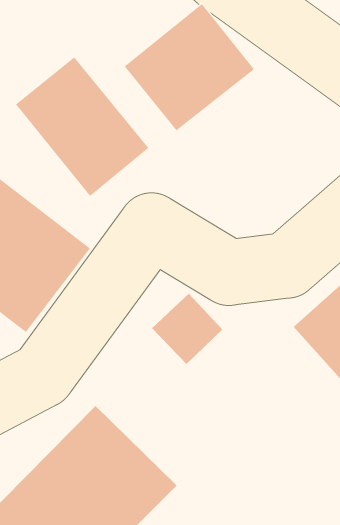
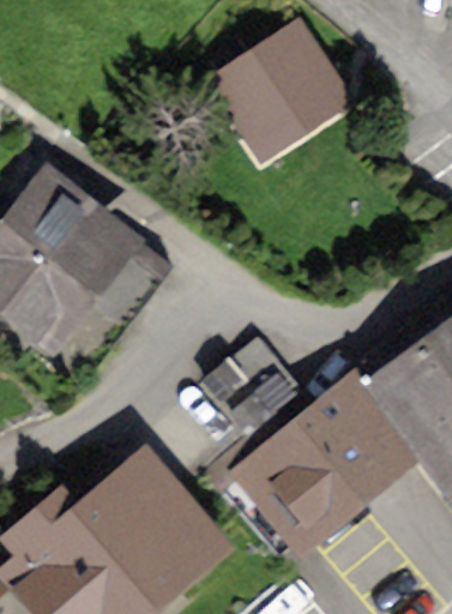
building: [15,56,149,197] -> none
building: none -> [228,365,408,538]

